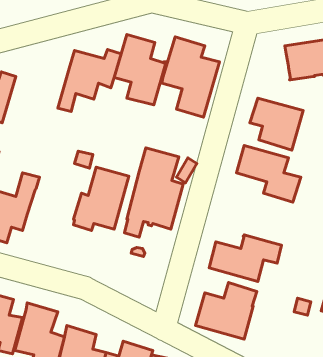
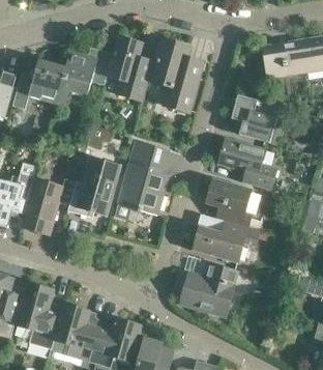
building: none -> [12,59,65,109]
building: none -> [21,178,77,234]
building: none -> [206,178,252,226]

